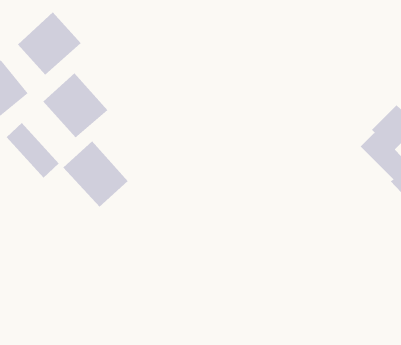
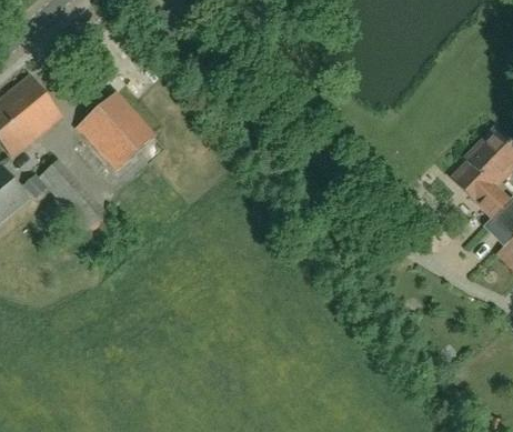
building: [17,11,81,75] -> none
building: [62,141,129,207] -> none

